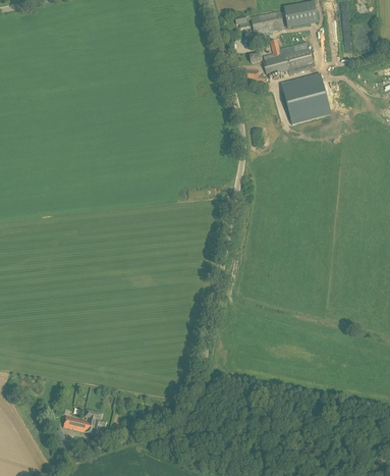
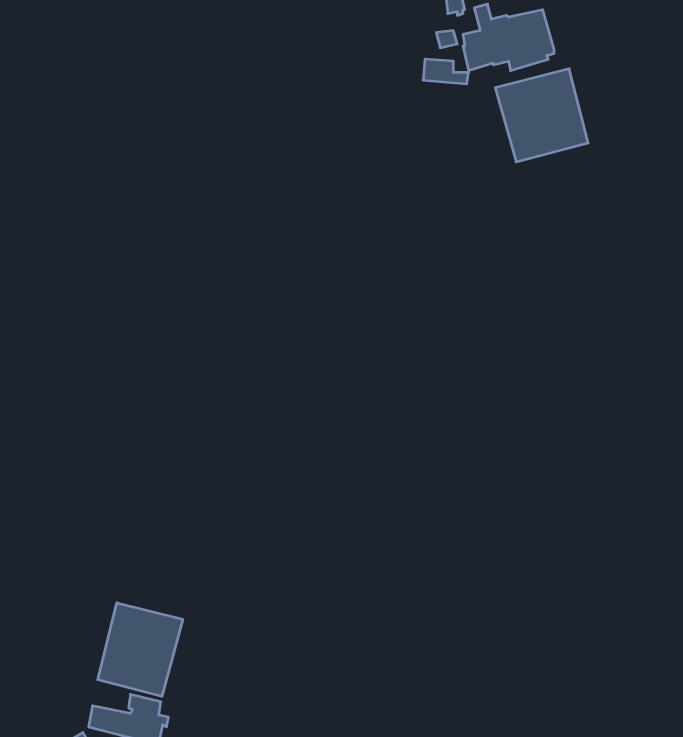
building: none -> [98,603,183,696]

